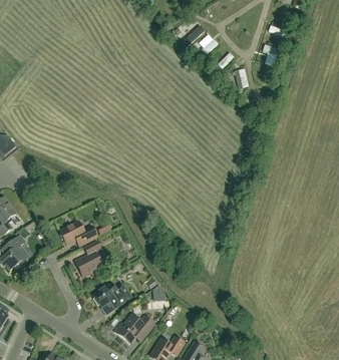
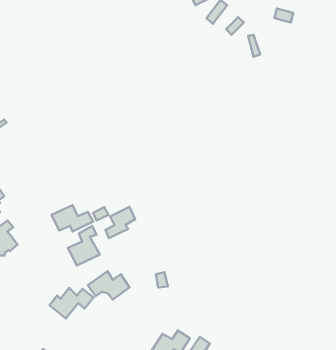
building: none -> [105,207,135,238]
building: [114,315,154,343] -> [49,288,93,318]

